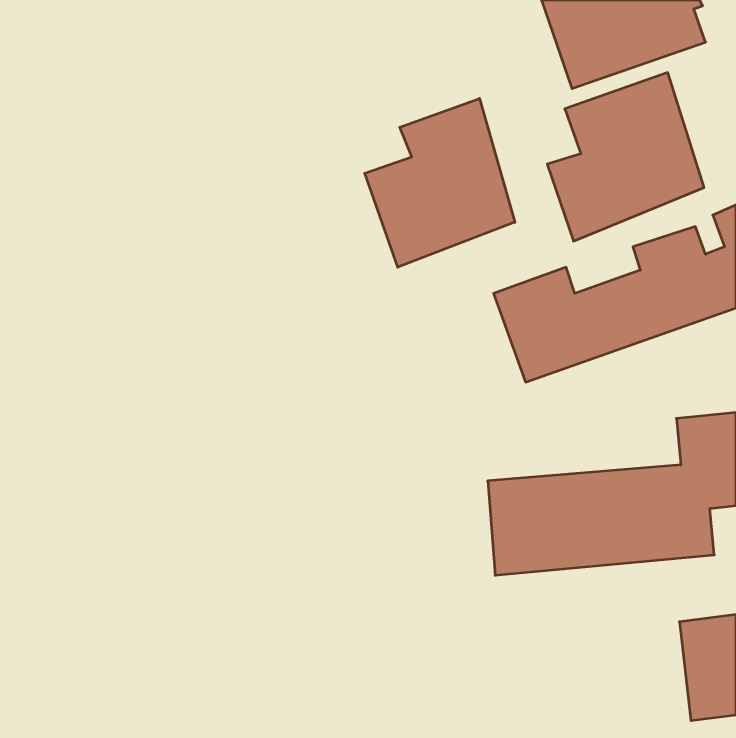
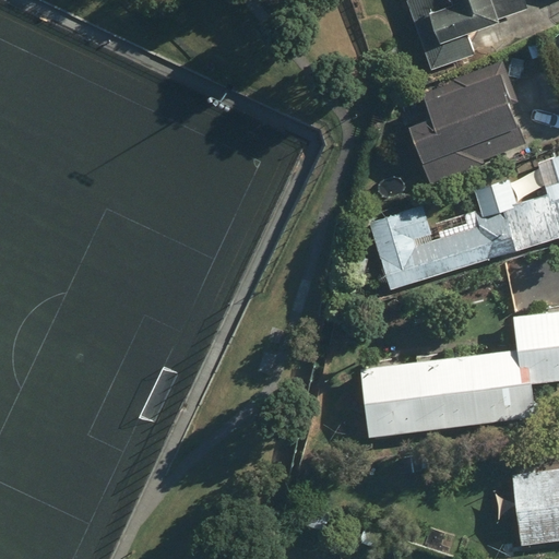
building: [365,98,515,267] -> none

